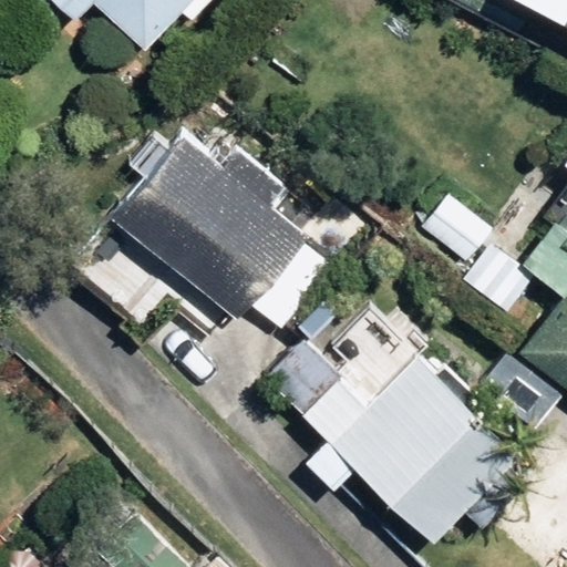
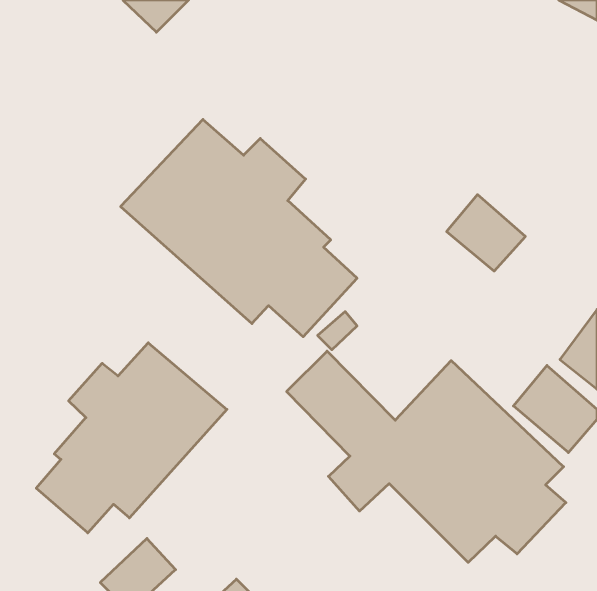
building: none -> [36,343,227,533]

